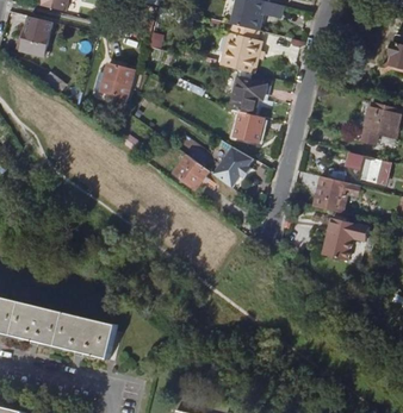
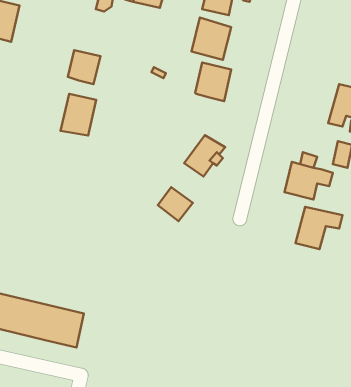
building: none -> [60,94,96,136]
building: [231,112,262,144] -> none
building: [173,156,207,189] -> [158,187,193,221]

